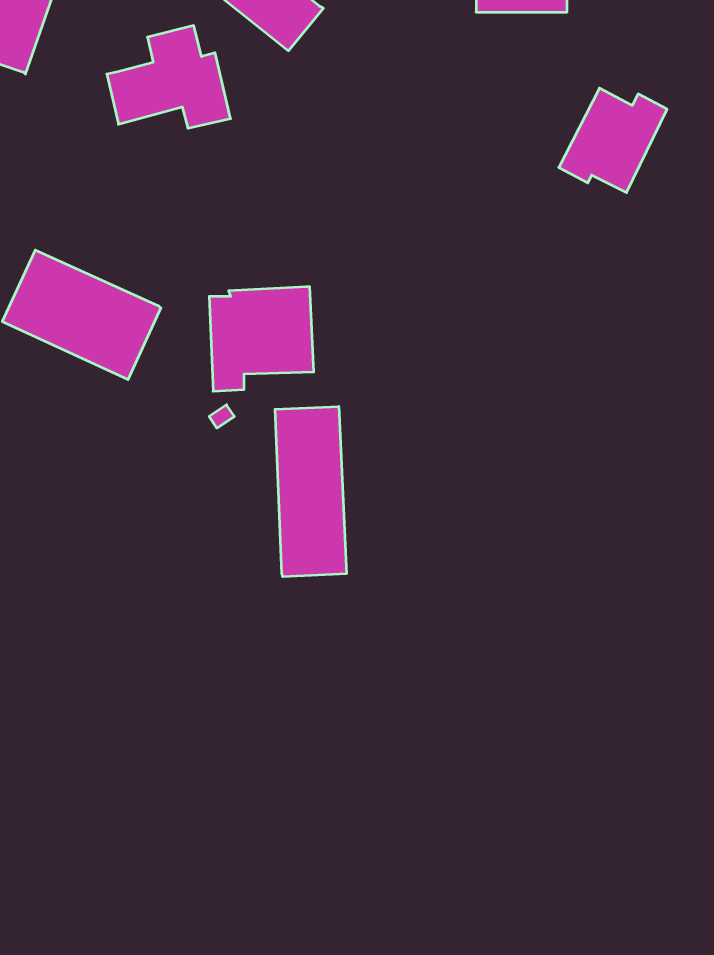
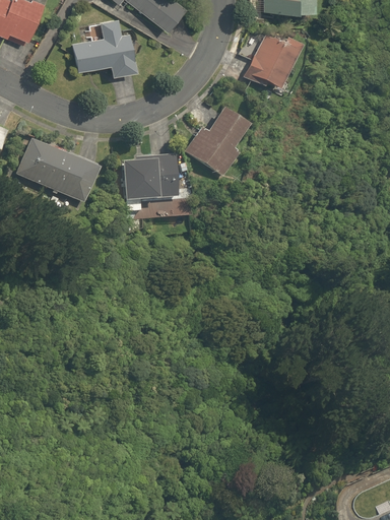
building: [559,88,667,193] -> [244,36,301,90]
building: none -> [184,109,243,175]
building: [275,406,346,577] -> none

